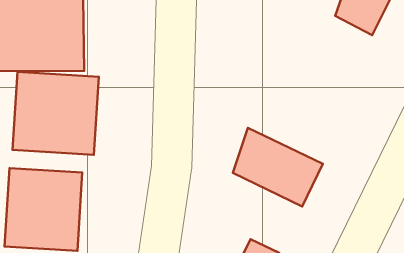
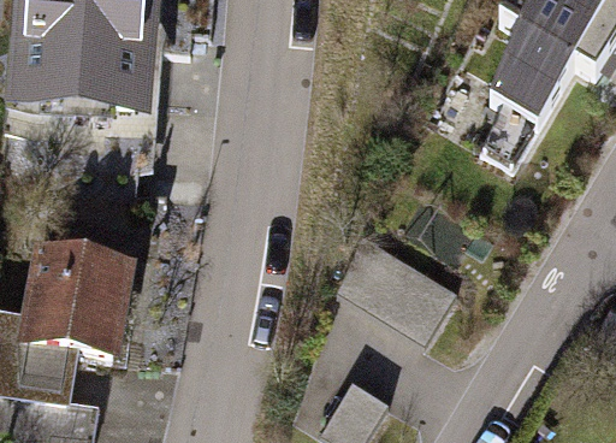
building: [13,72,99,155] -> none

